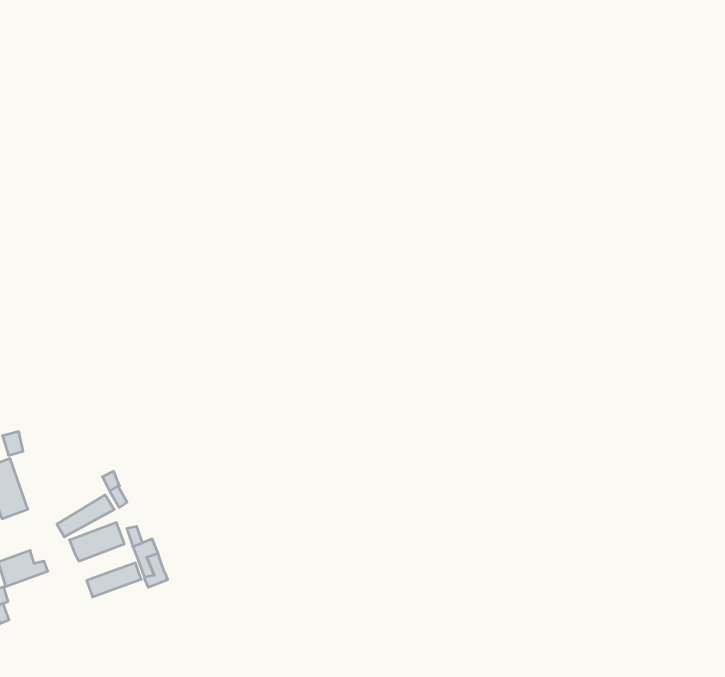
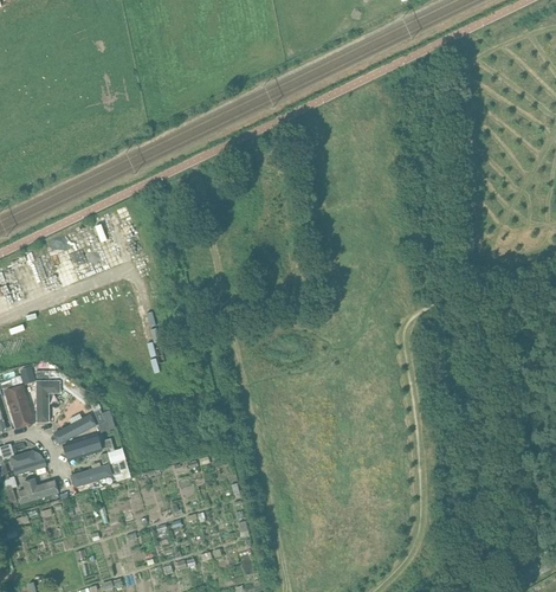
building: none -> [35,379,62,422]
building: none -> [17,477,56,502]

